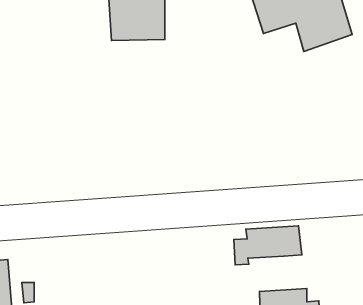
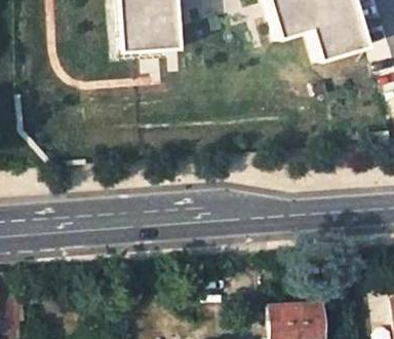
building: [234,226,302,265] -> none

